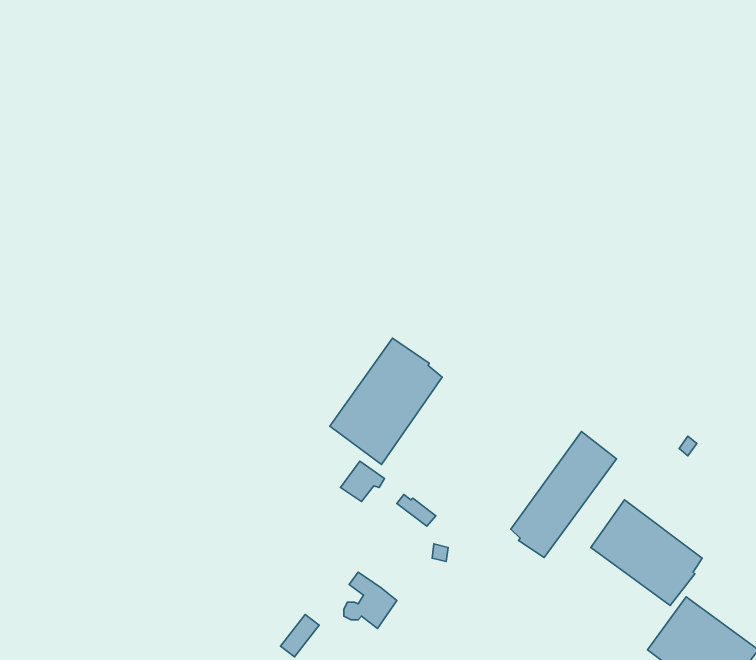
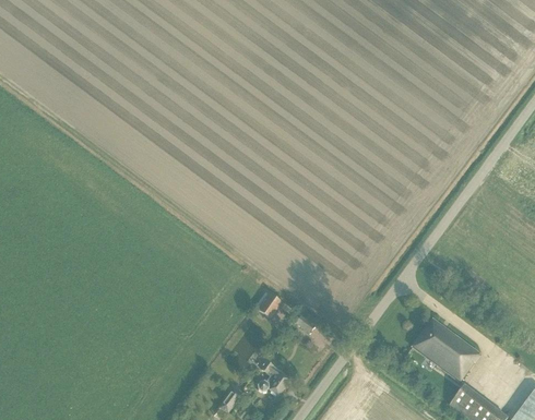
building: [330,338,442,464] -> none
building: [511,432,616,558] -> none

